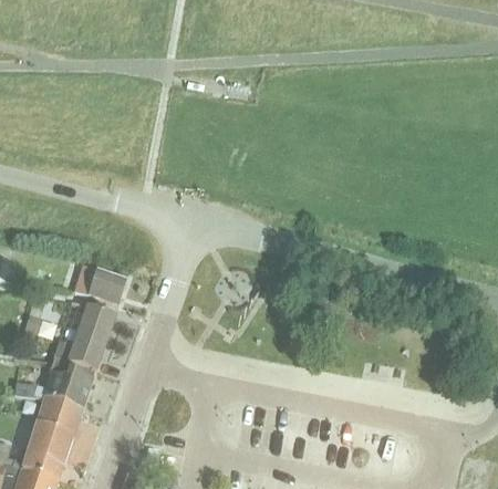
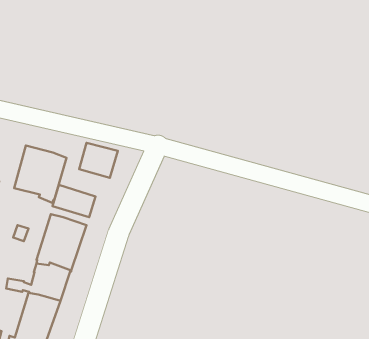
building: none -> [79,143,118,178]
building: none -> [14,145,67,203]

